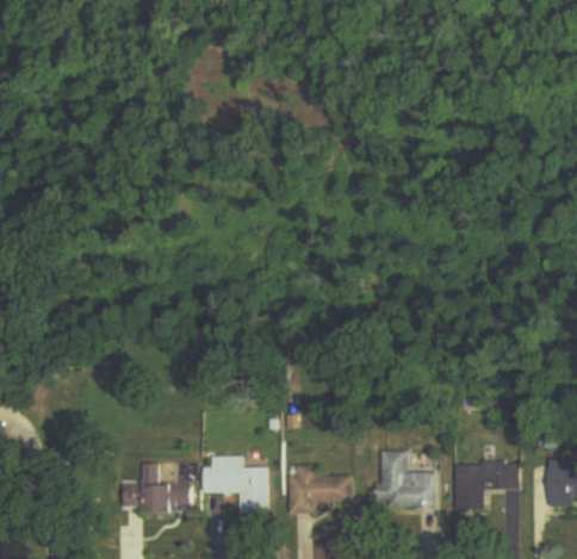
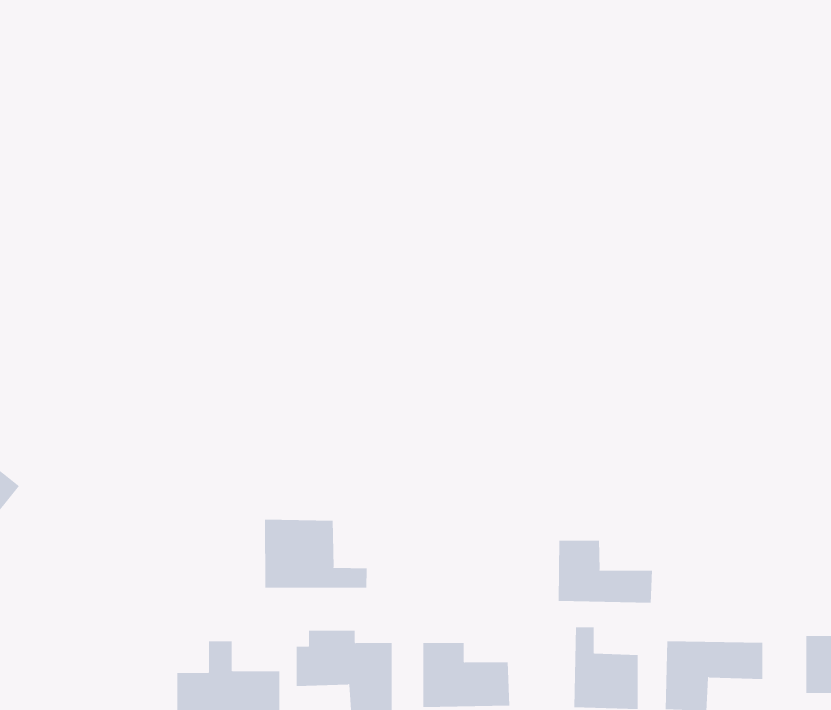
building: none -> [265,519,367,589]
building: none -> [558,540,653,603]

